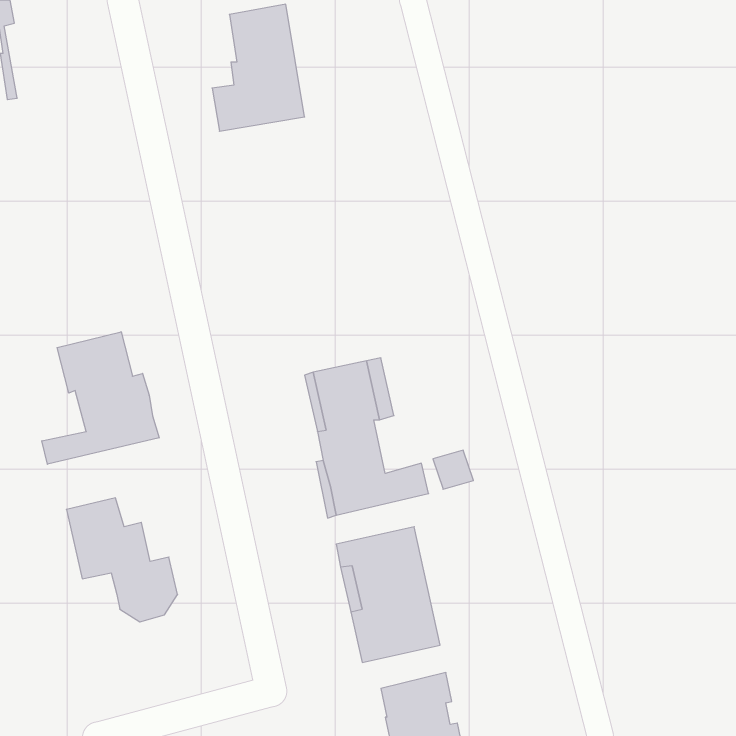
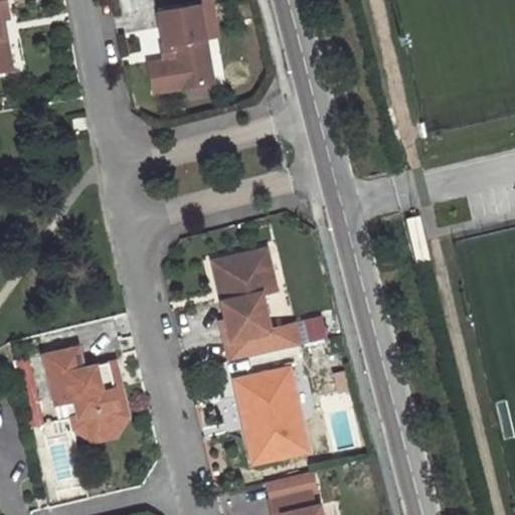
building: [42,332,159,464] -> none
building: none -> [73,361,131,443]

